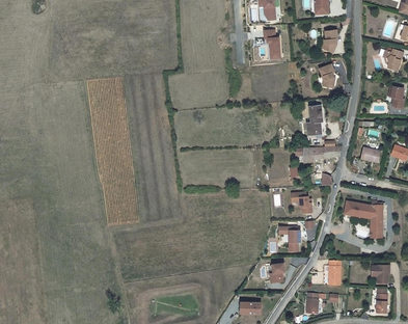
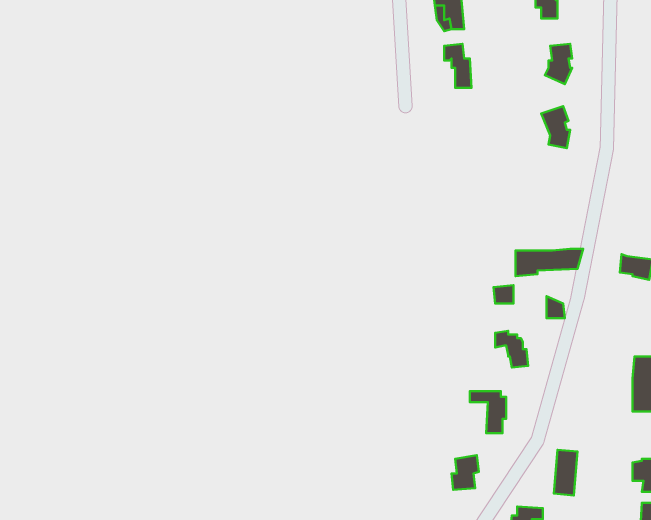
building: [305,103,322,136] -> none
building: [343,200,372,221] -> none

